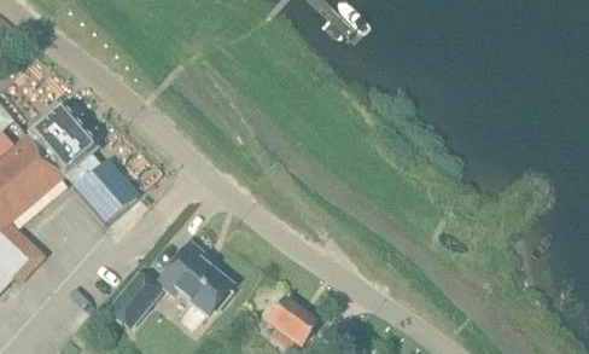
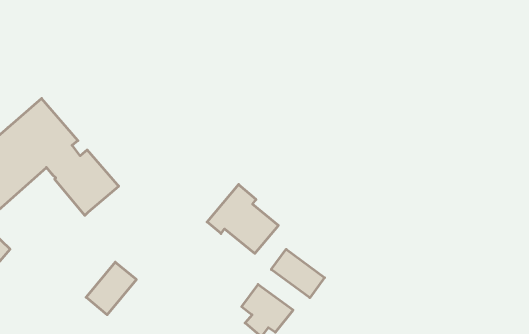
building: [158,243,232,314] -> [207,184,278,253]
building: none -> [271,249,325,298]

